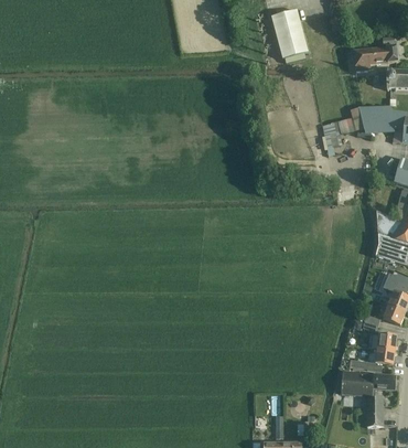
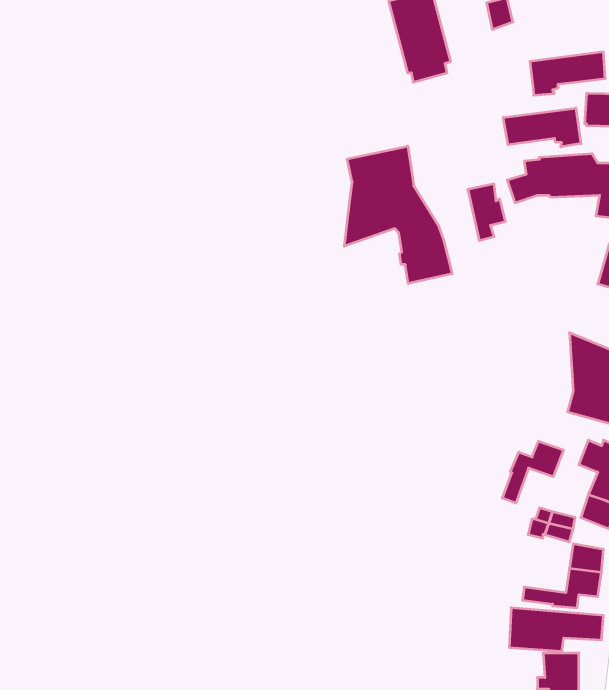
building: none -> [503,108,581,147]
building: none -> [344,146,452,284]
building: none -> [502,441,563,503]

